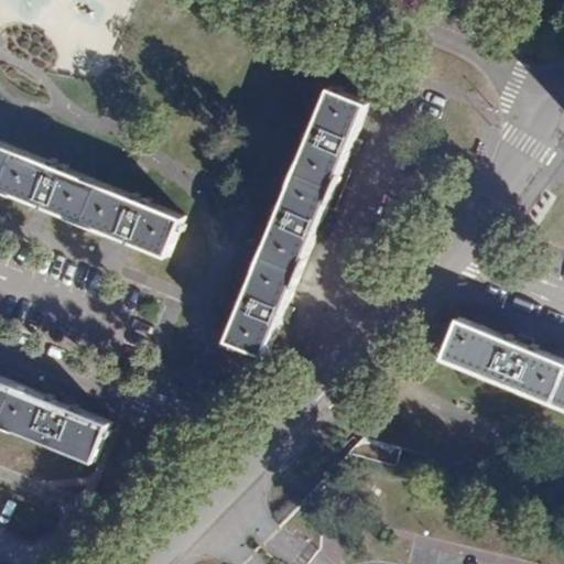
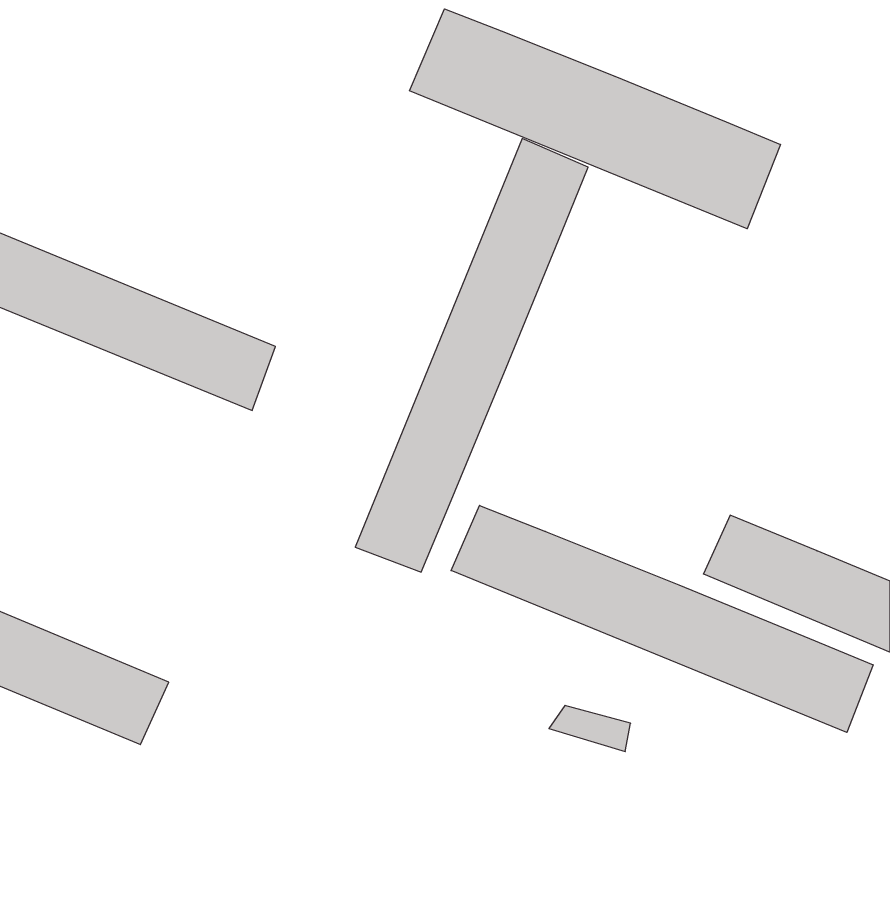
building: none -> [410,9,780,229]
building: none -> [451,505,873,732]

